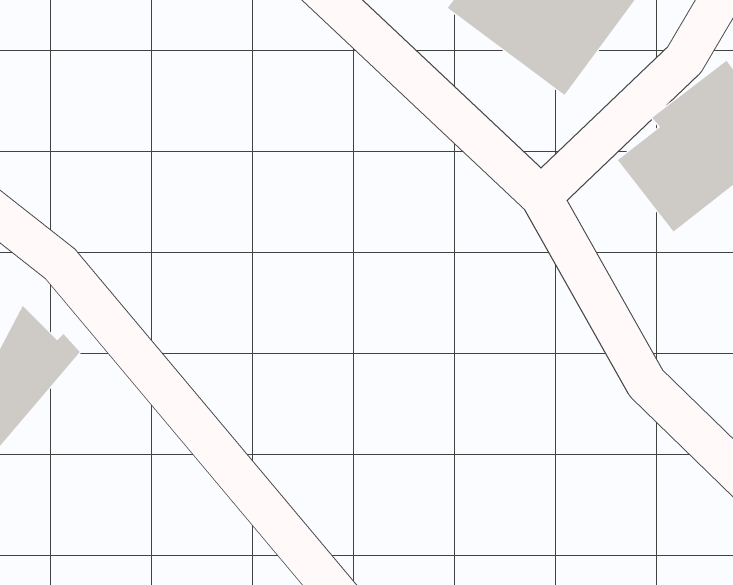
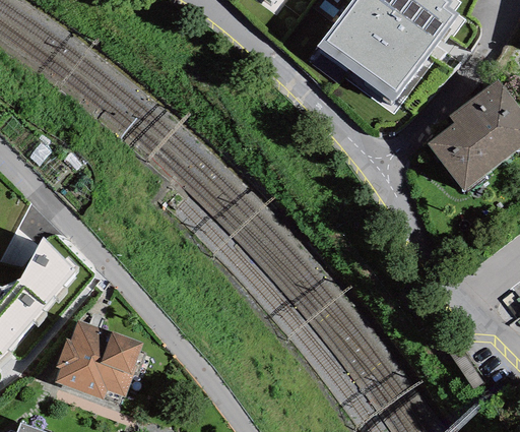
building: none -> [55,322,143,399]

